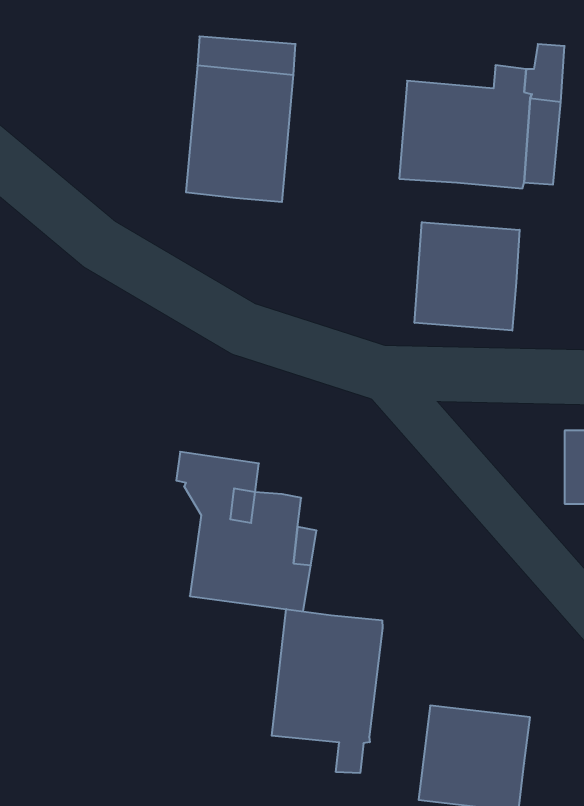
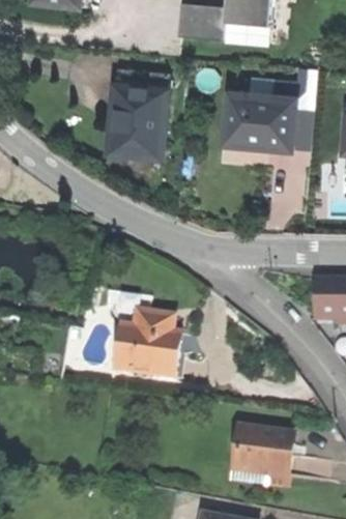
building: [415,222,520,331] -> none
building: [272,609,382,773] -> none

